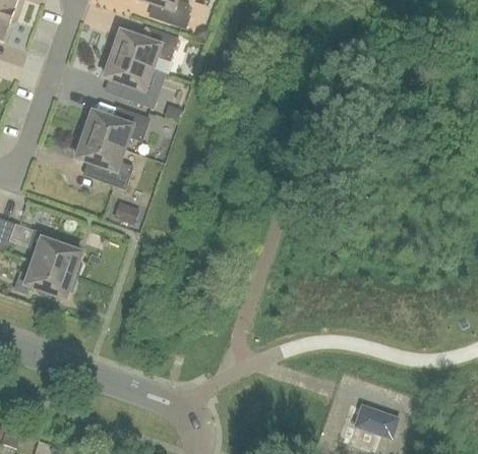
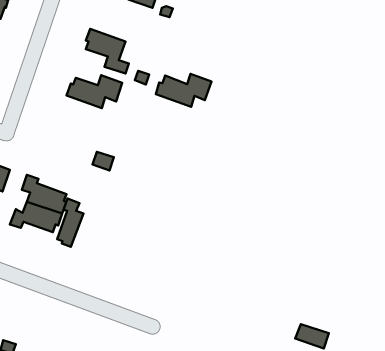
building: [110,27,177,67] -> [156,74,211,107]
building: [76,132,132,186] -> none
building: none -> [57,198,84,247]

